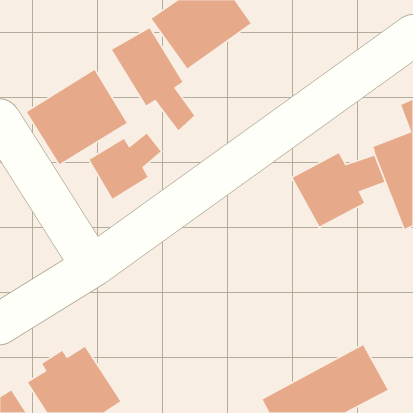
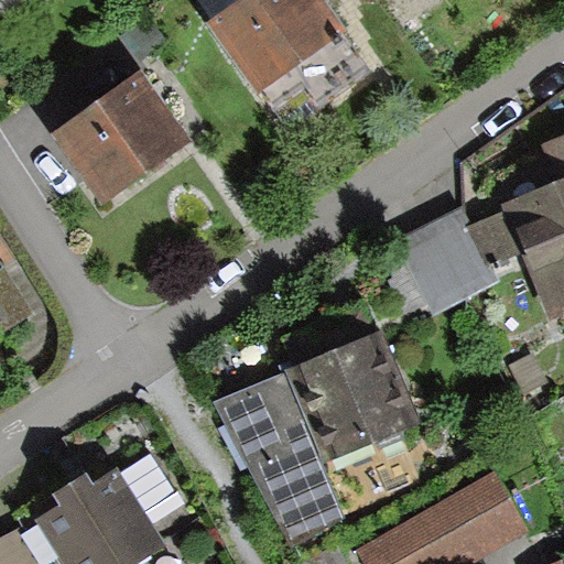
building: [111,27,195,131] -> none
building: [88,133,162,200] -> none
building: none -> [215,334,421,542]

